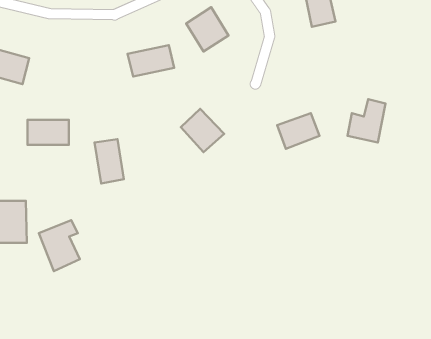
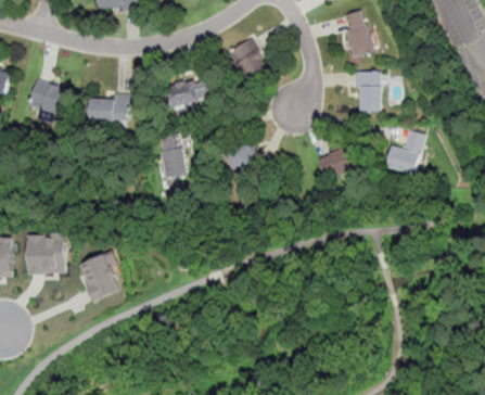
building: none -> [355,69,382,110]
building: [28,120,69,145] -> [89,97,130,122]
building: [95,139,124,184] -> [158,133,188,178]

